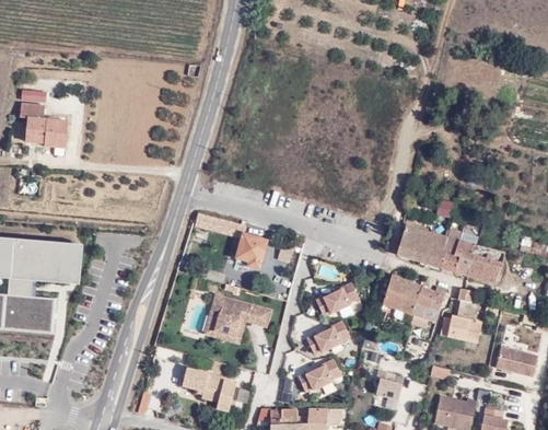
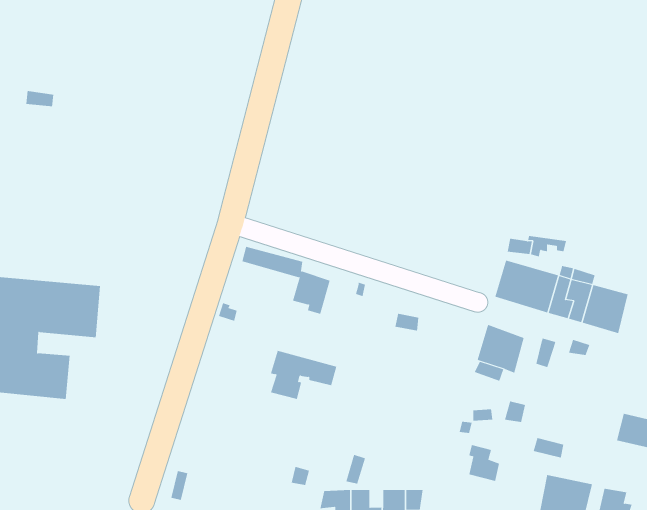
building: [20,102,68,147] -> none
building: [316,280,360,313] -> none
building: [413,286,440,326] -> none
building: [208,294,247,341] -> none
building: [439,315,481,344] -> none
building: [306,318,350,352] -> none
building: [298,358,340,391] -> none
building: [182,371,233,412] -> none

